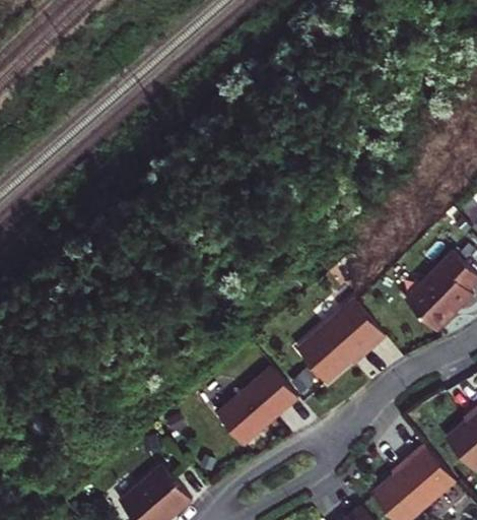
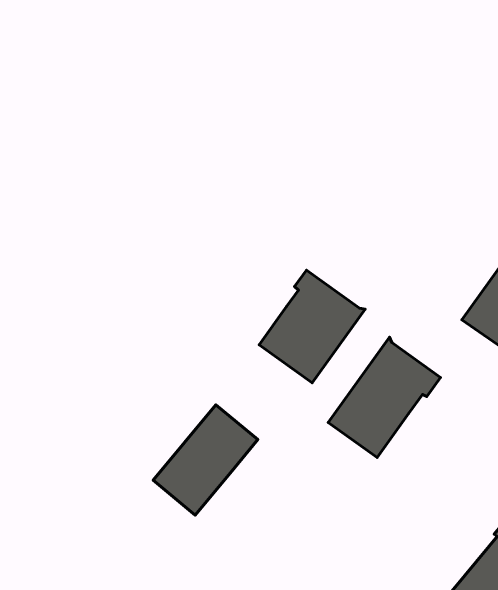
building: none -> [259,270,365,383]
building: [215,368,296,446] -> [153,405,258,515]

